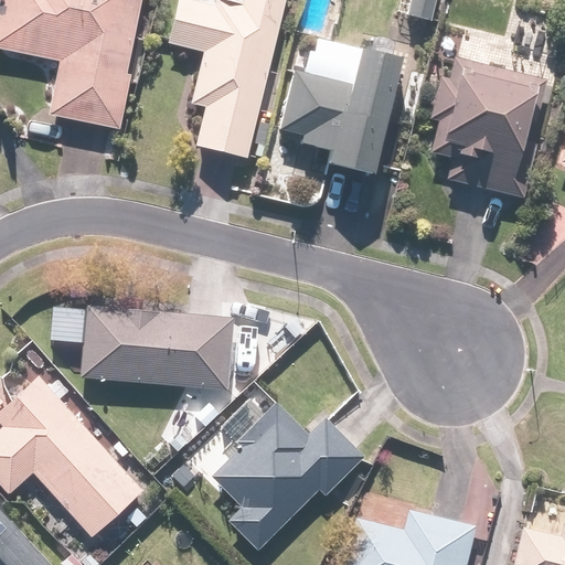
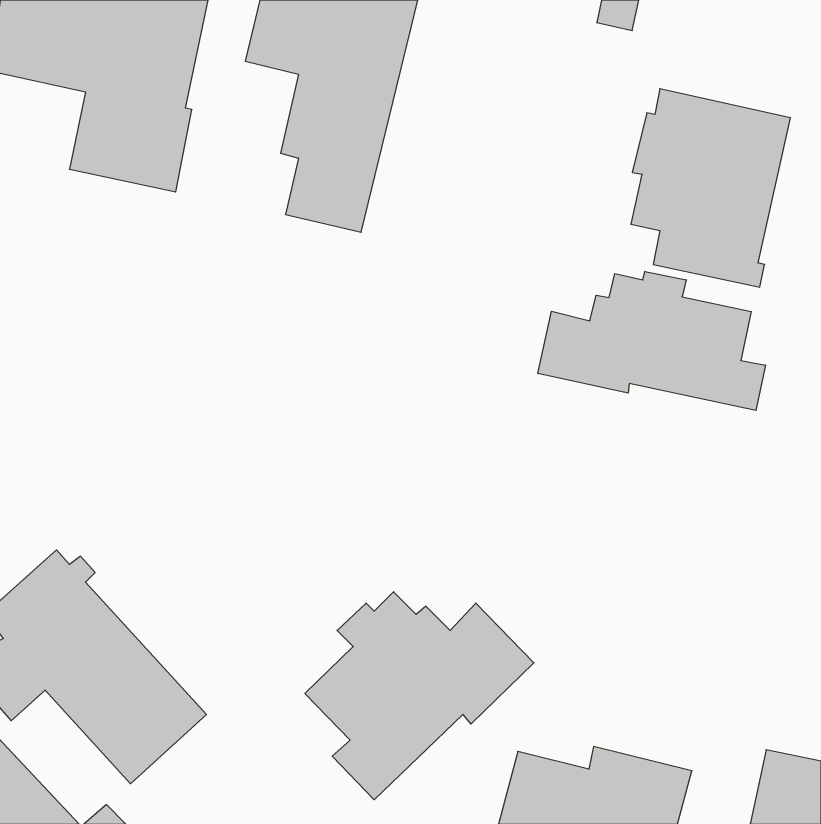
building: [280,53,404,174] -> none
building: none -> [538,271,766,410]
building: [79,303,233,390] -> none

